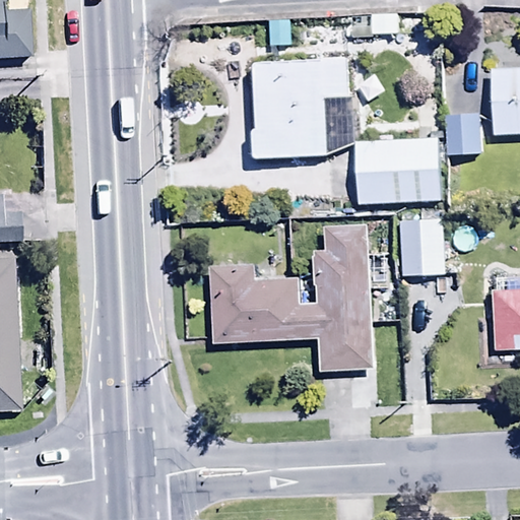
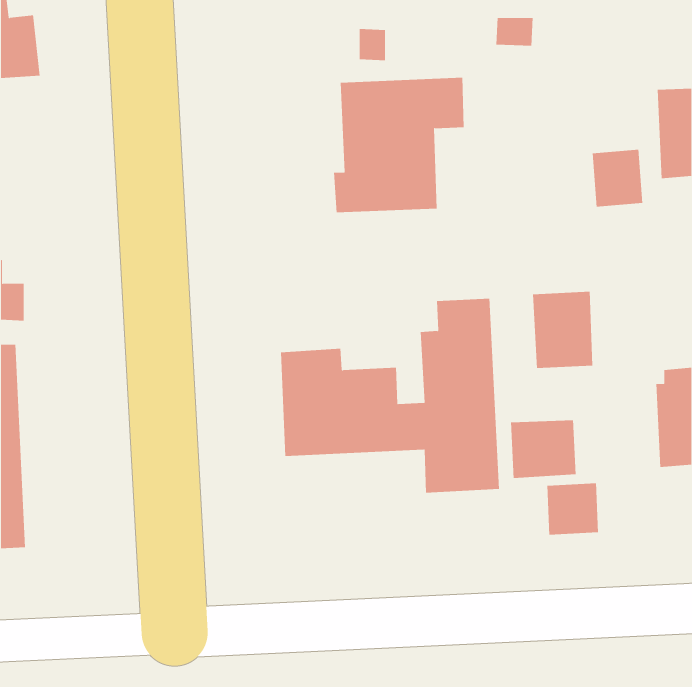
building: [358,137,442,204] -> none
building: none -> [511,419,576,479]
building: none -> [547,483,599,535]

